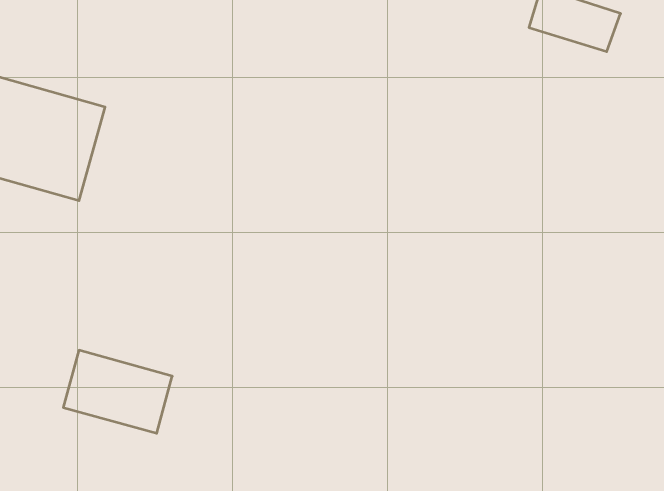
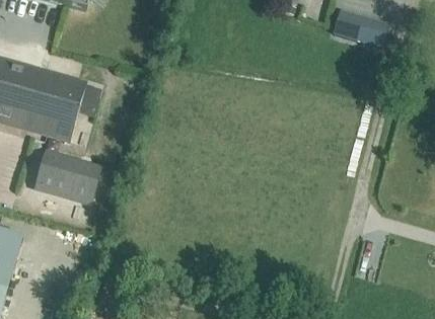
building: [63,350,172,433] -> [35,152,99,201]

